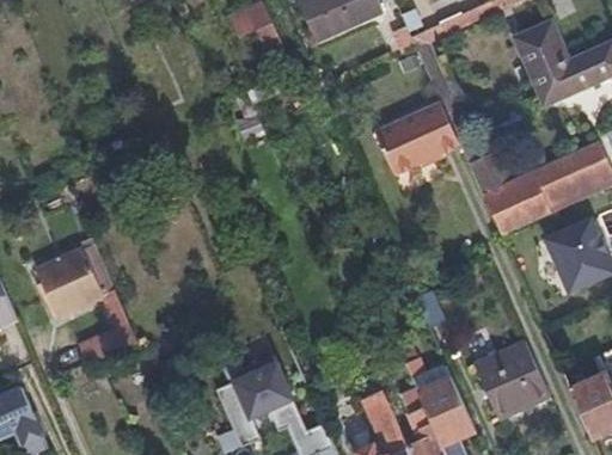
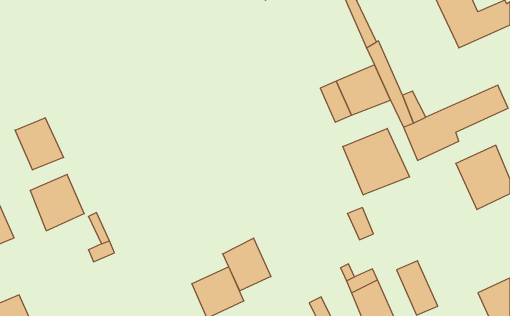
building: none -> [15,118,64,170]
building: none -> [343,128,410,195]
building: none -> [223,238,271,291]
building: [497,340,547,406] -> none

